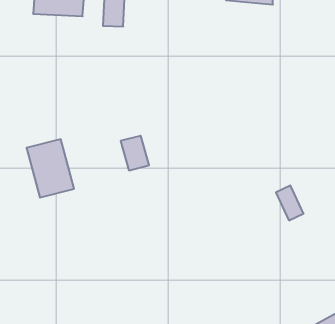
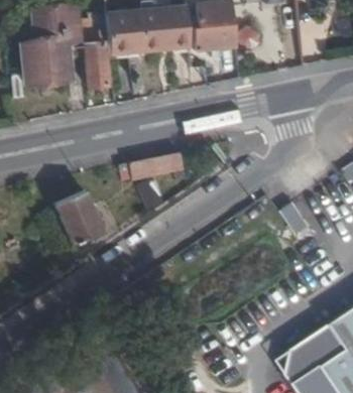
building: none -> [117,152,185,179]

